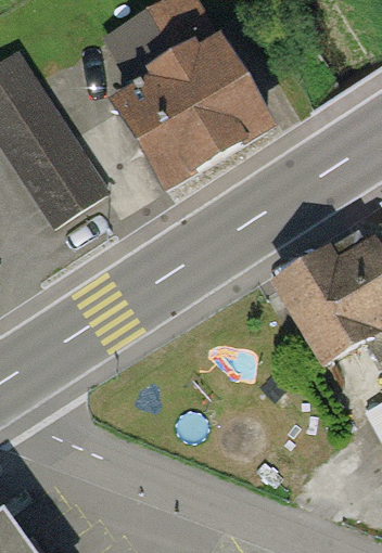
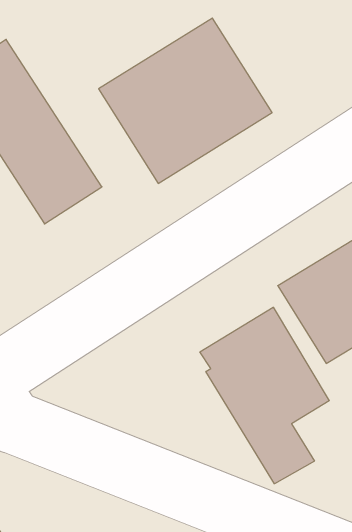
building: none -> [200,307,329,484]

